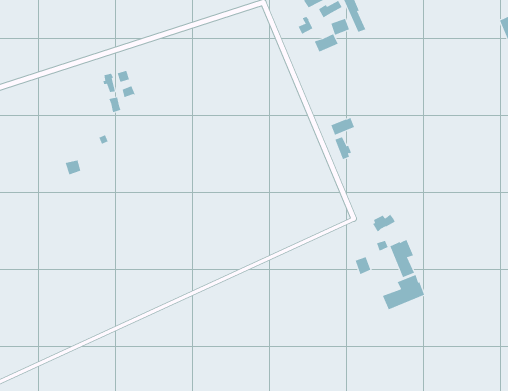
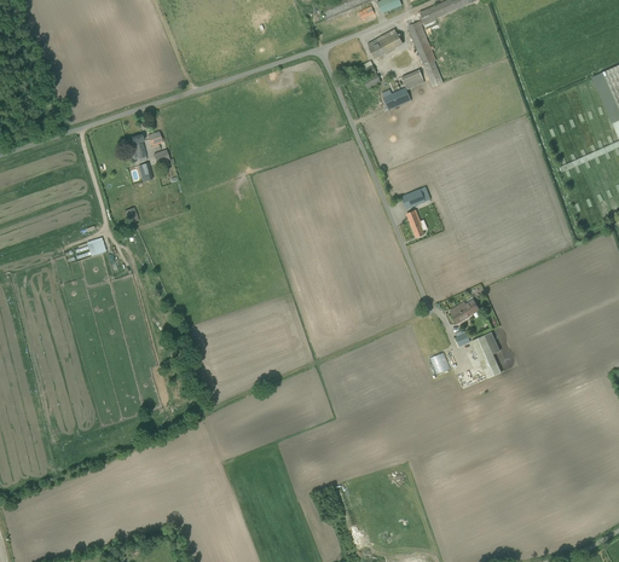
building: [382,274,425,310] -> none

